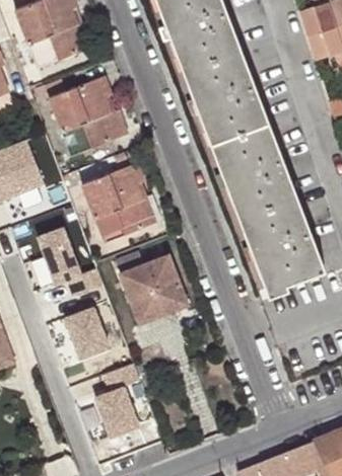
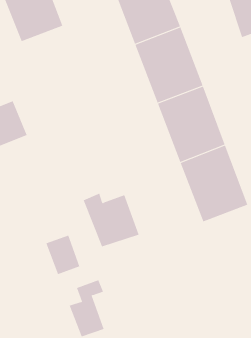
building: [50,76,130,155] -> none
building: [82,163,157,243] -> none
building: [41,227,106,294] -> none

